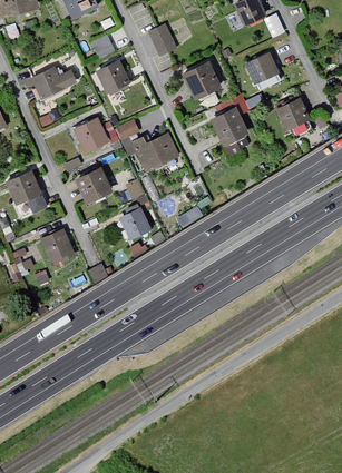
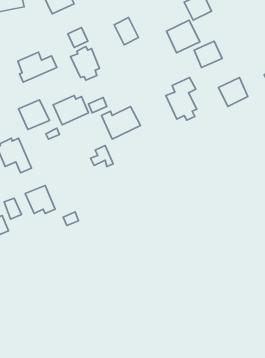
building: [184,60,225,100] -> [166,20,200,53]
building: [75,167,113,204] -> [19,100,50,130]
building: [119,208,152,240] -> none

